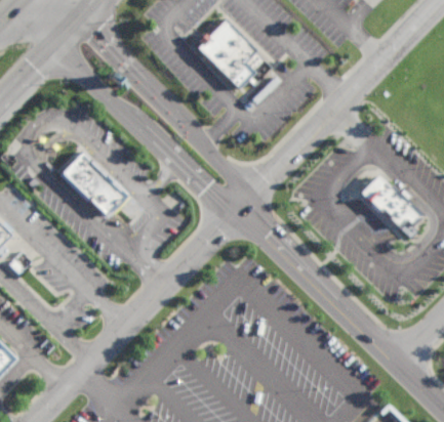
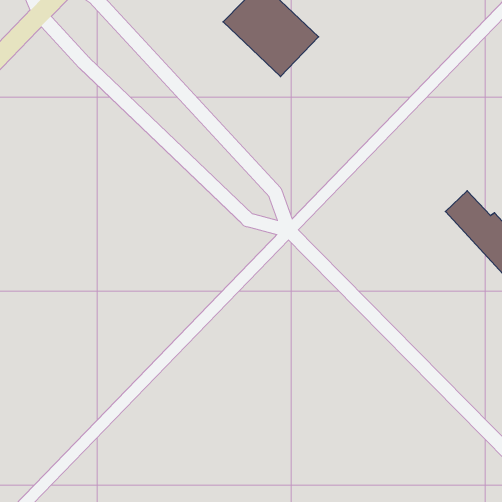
building: [56,149,127,219] -> none

